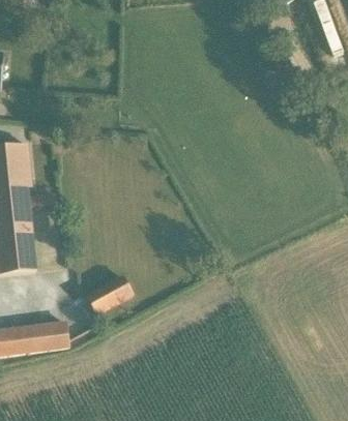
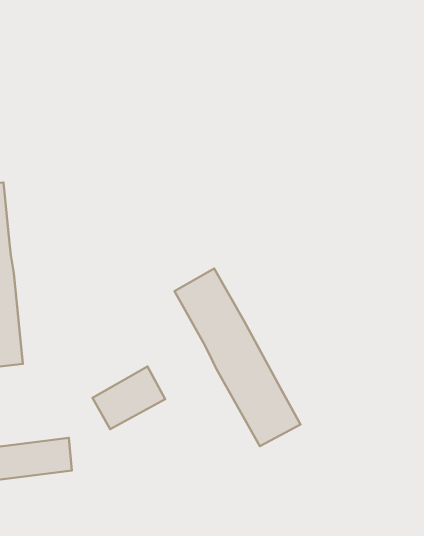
building: none -> [174,268,300,446]

